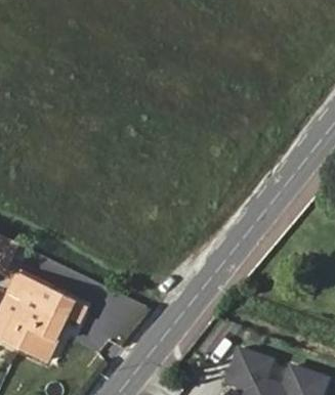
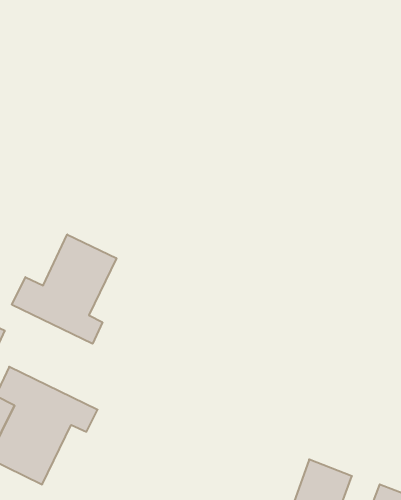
building: none -> [12,234,116,344]

